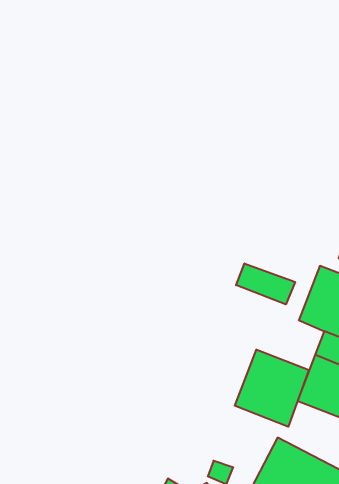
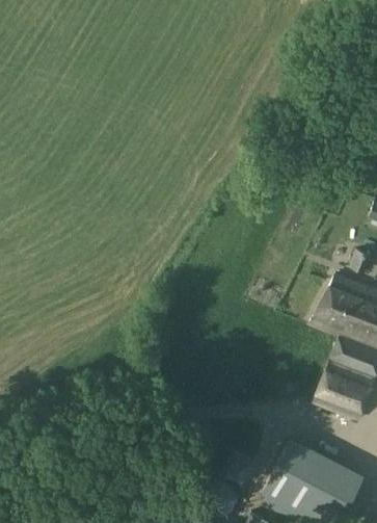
building: [236,263,295,304] -> none
building: [235,350,309,427] -> none

